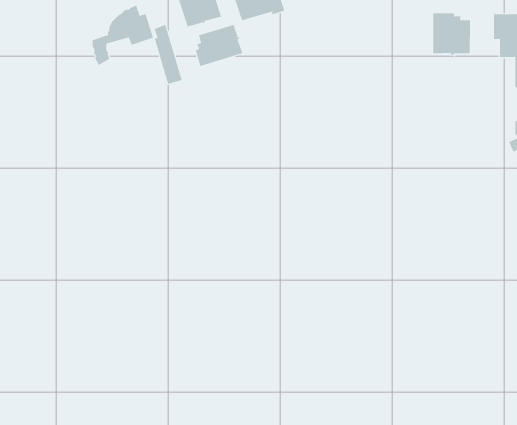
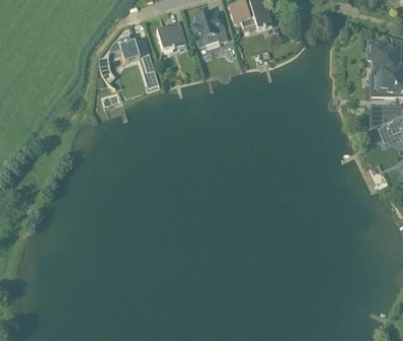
building: [433,13,470,56] -> none
building: [195,24,243,67] -> none

